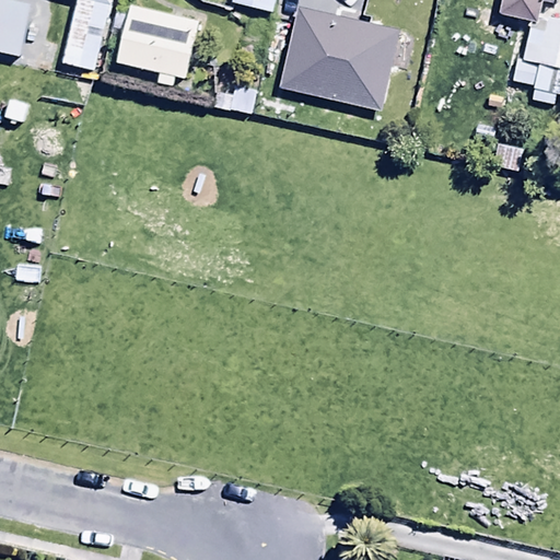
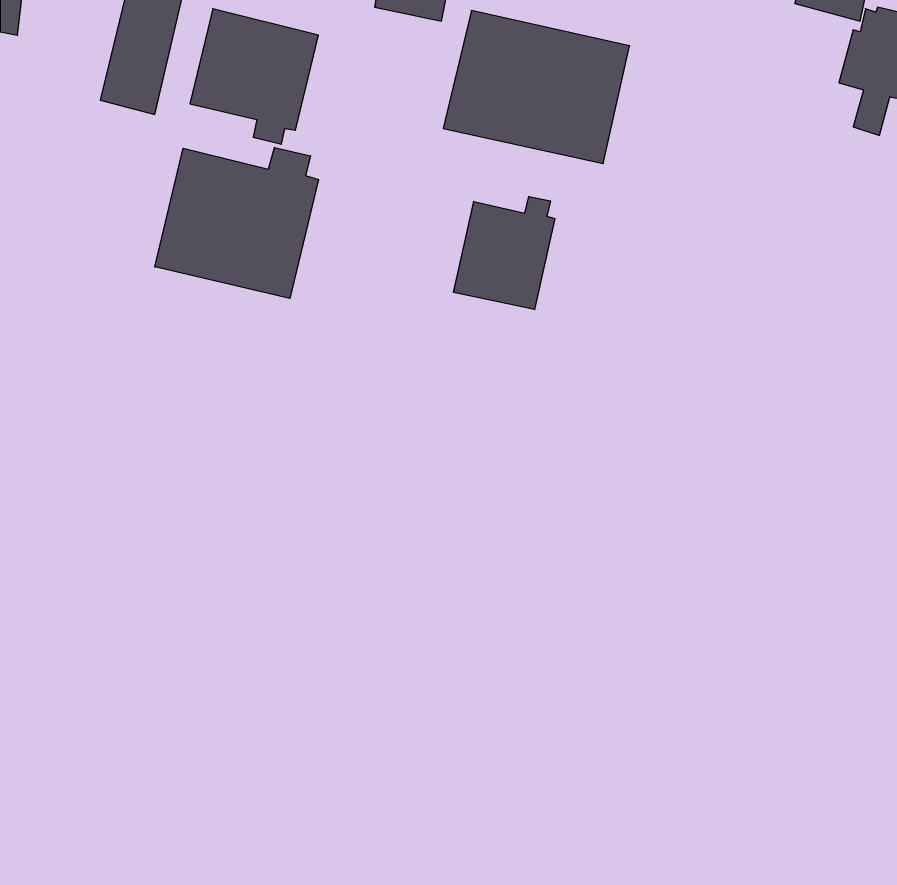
building: none -> [155,147,319,298]
building: none -> [454,196,555,310]

